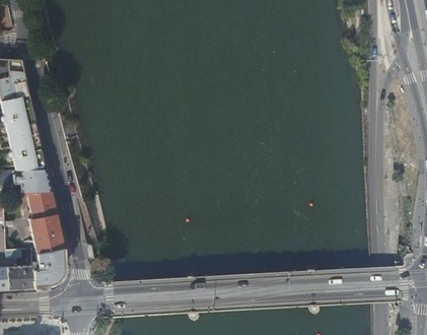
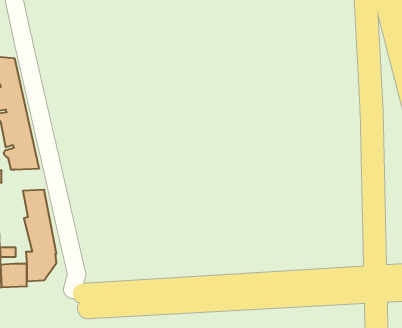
building: [12,170,49,192] -> none

